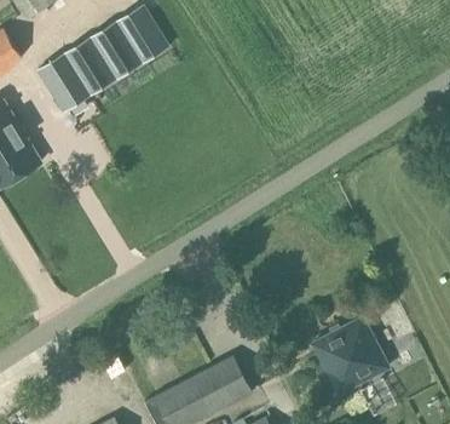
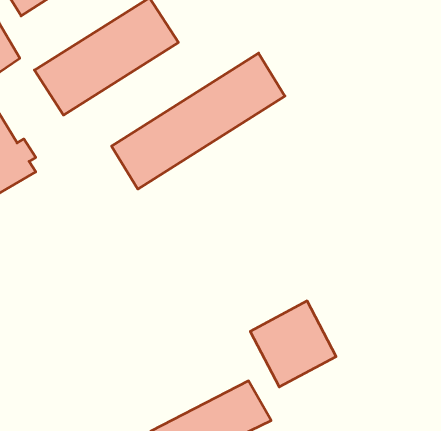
building: none -> [112,53,285,189]
building: [311,316,390,395] -> [250,301,336,387]

